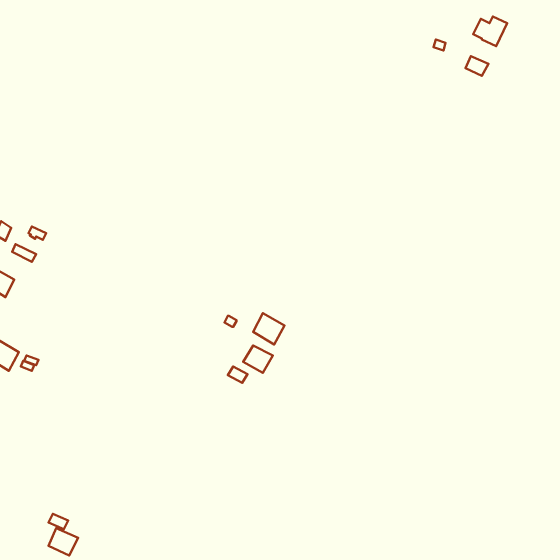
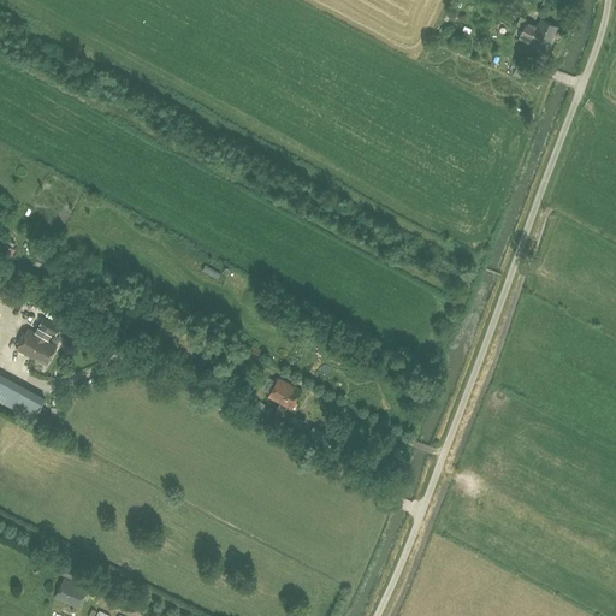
building: none -> [13,320,58,366]
building: [253,313,285,345] -> none

